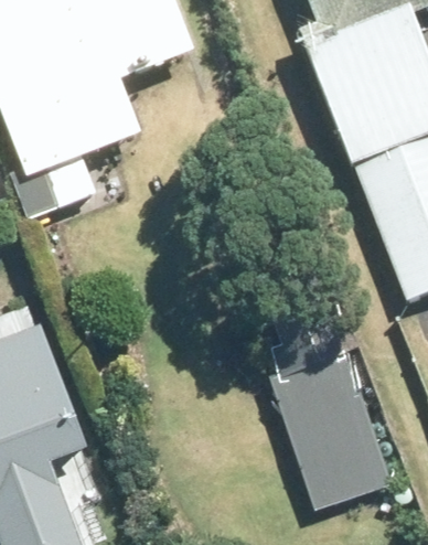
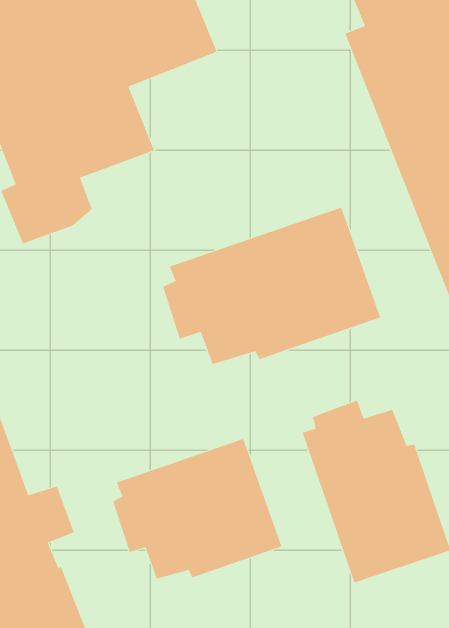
building: none -> [163,207,381,365]
building: none -> [113,438,282,579]

